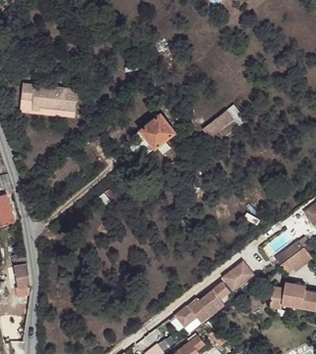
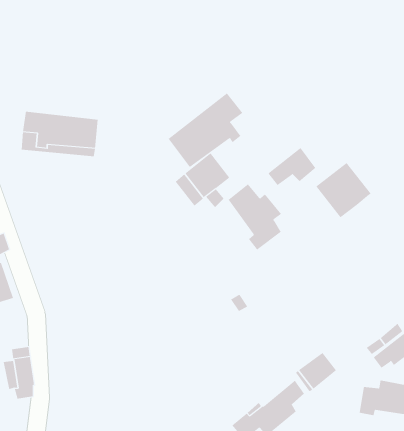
building: none -> [168,93,243,168]
building: none -> [315,162,372,218]
building: none -> [228,183,282,250]

